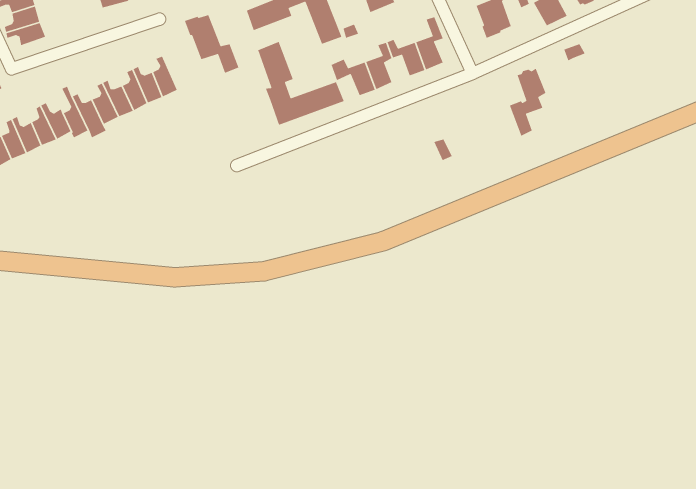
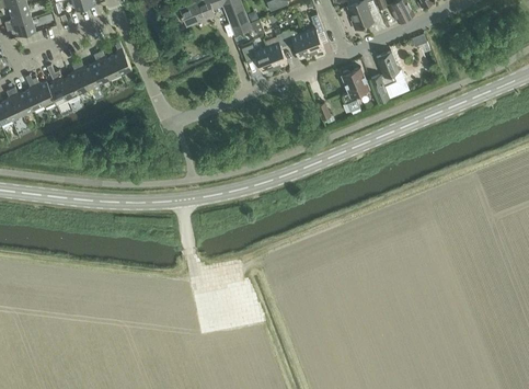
building: [184,14,239,74] -> none
building: [257,41,345,126] -> none
building: none -> [342,68,369,113]

